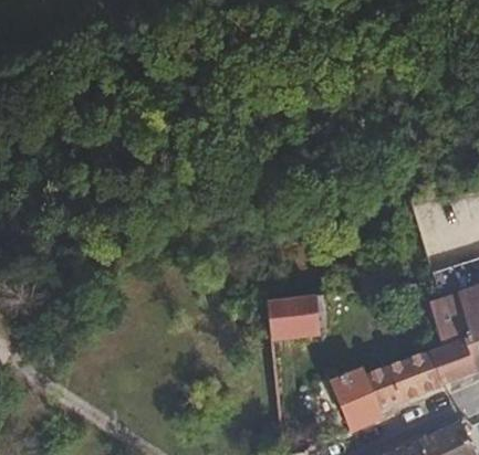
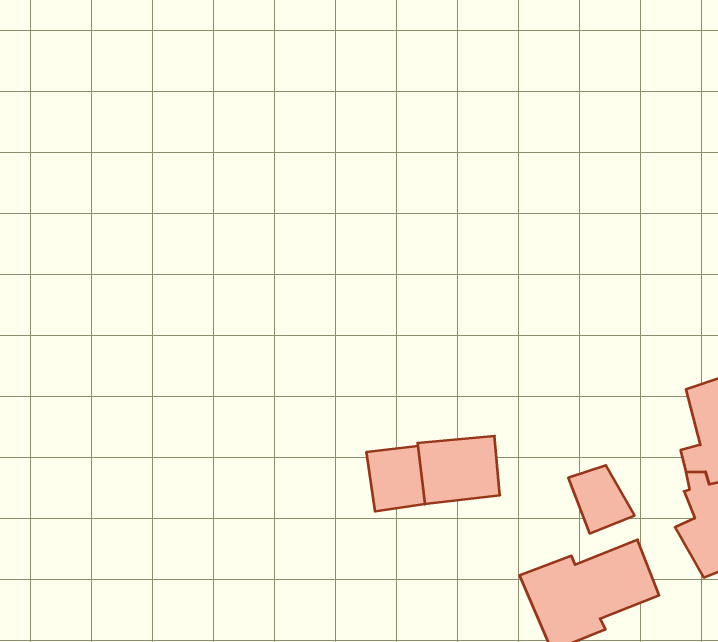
building: none -> [367,446,425,511]
building: [404,353,445,395] -> [568,465,634,533]

